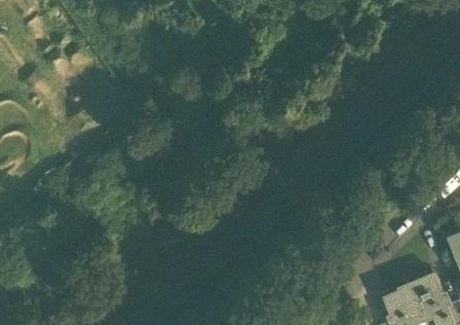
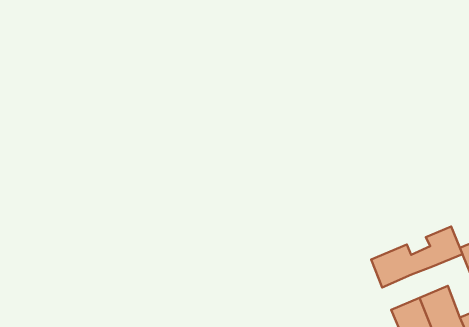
building: none -> [371,226,462,287]

